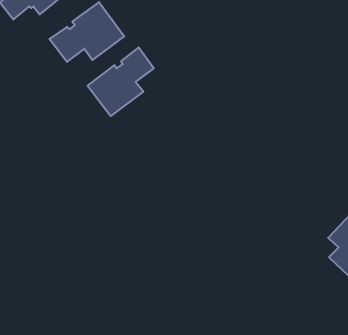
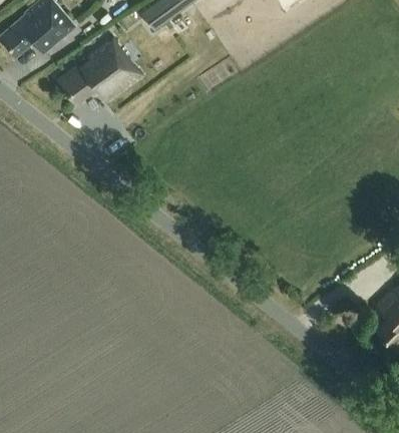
building: [88,47,154,116] -> none

